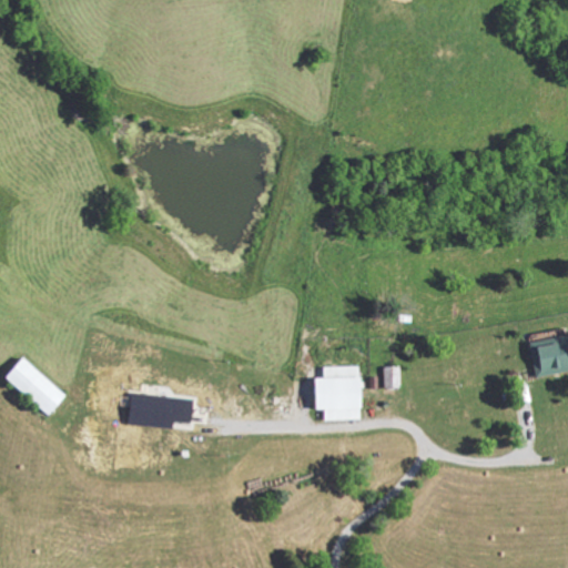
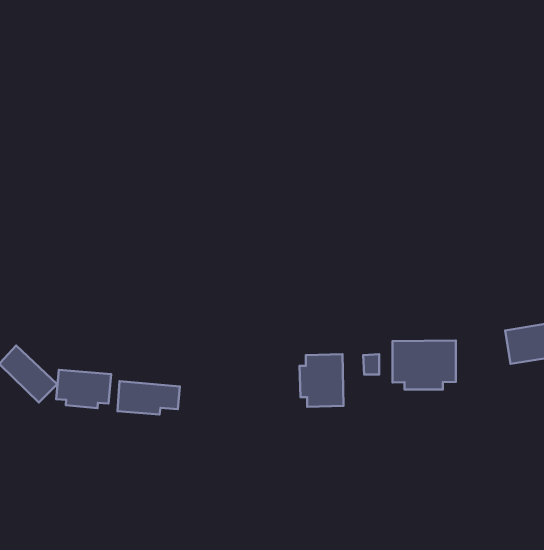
building: none -> [392,341,456,390]
building: none -> [56,370,111,408]

